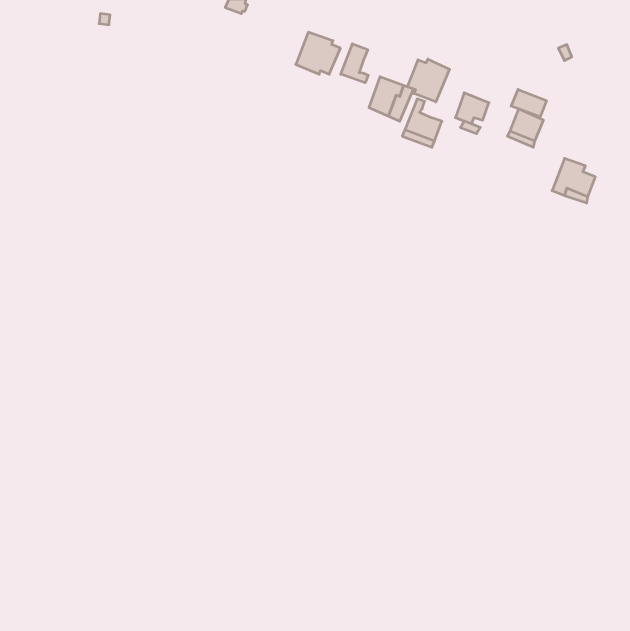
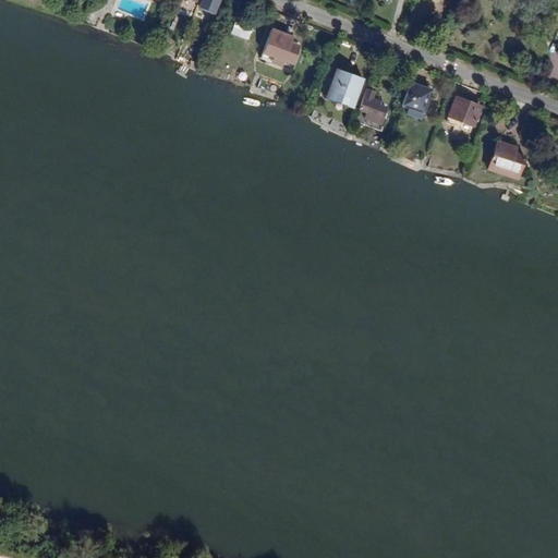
building: [341,44,368,83] -> none
building: [408,59,450,102] -> none
building: [511,89,546,117] -> none

